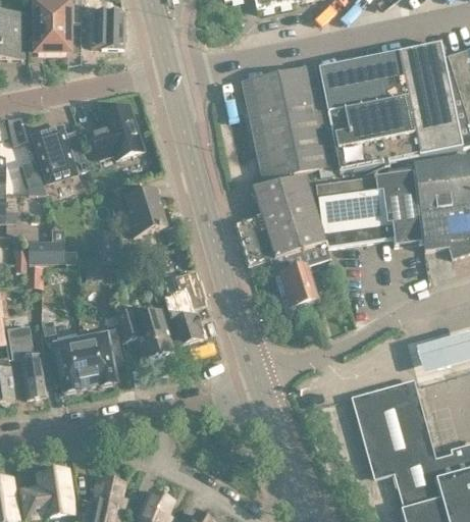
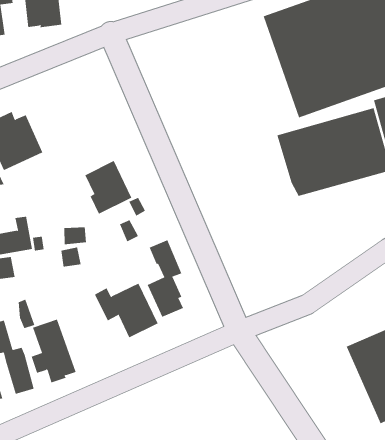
building: [242,65,333,178] -> none
building: [91,103,144,158] -> none
building: [236,175,329,313] -> none
building: [79,328,122,384] -> none

